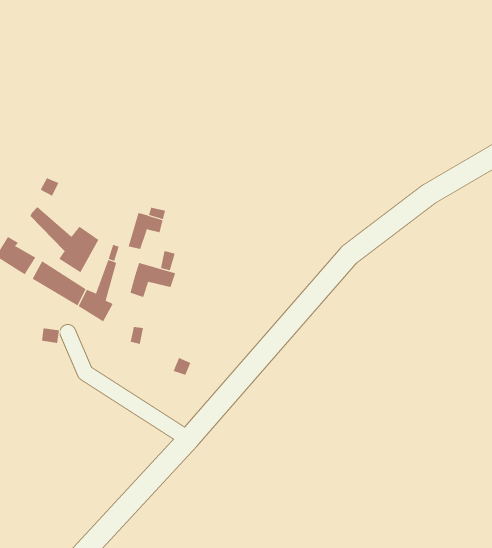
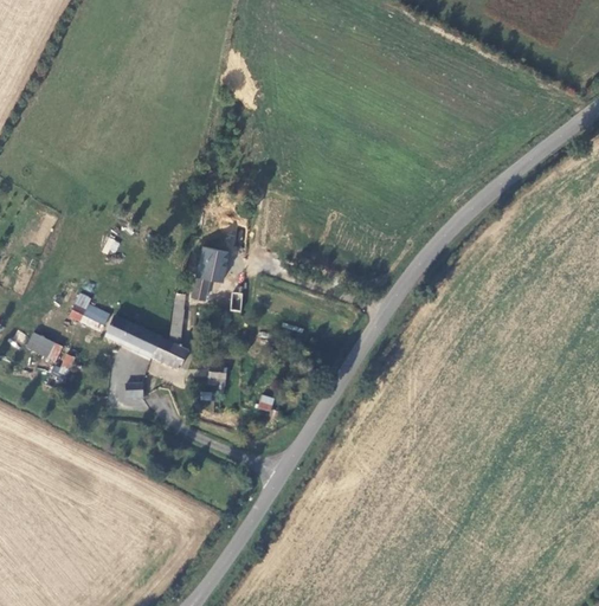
building: [30,206,99,273] -> none
building: [130,262,176,298] -> none

